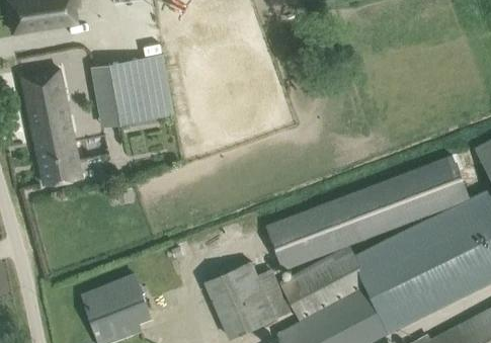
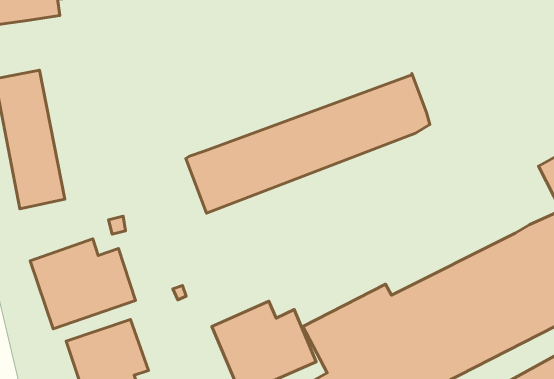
building: [95,56,174,126] -> none
building: [265,155,469,271] -> [186,74,430,213]
building: none -> [30,239,136,329]

